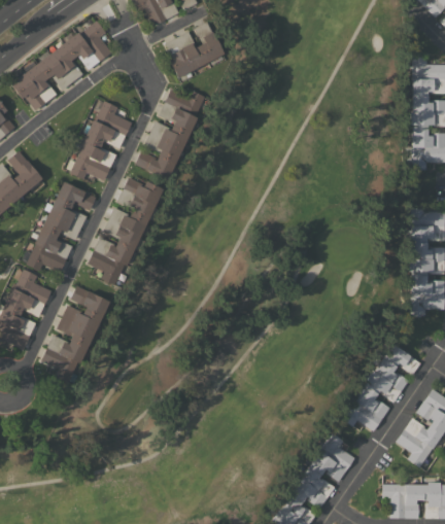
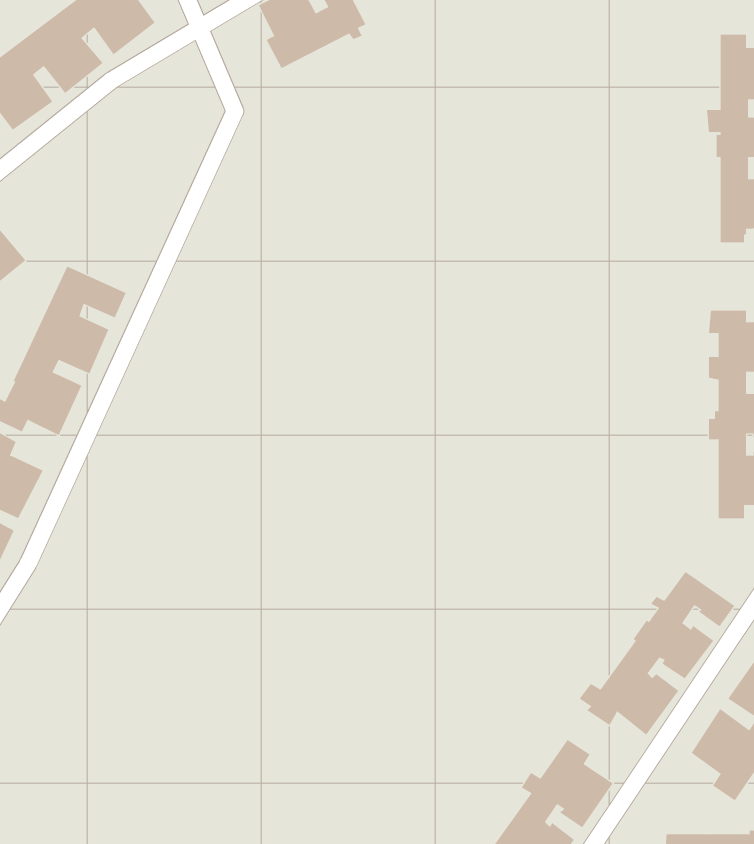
building: [135,90,203,179] -> none
building: [67,101,132,181] -> none
building: [88,177,164,285] -> none
building: [41,286,109,383] -> none

